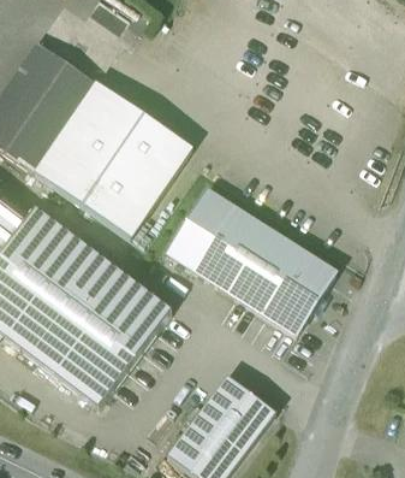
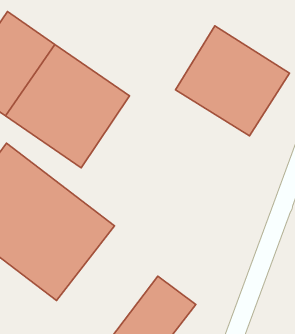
building: none -> [175,26,289,136]
building: [167,189,336,332] -> none

